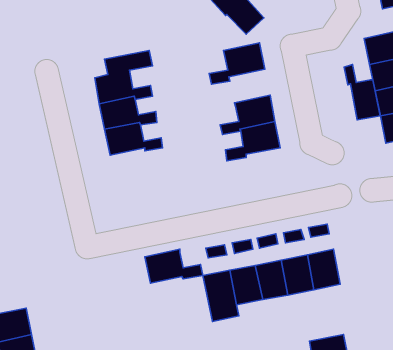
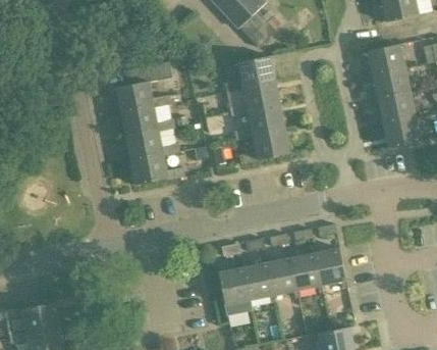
building: [344,65,380,120] -> none
building: none -> [229,80,281,117]
building: [145,249,203,283] -> [131,153,185,185]

